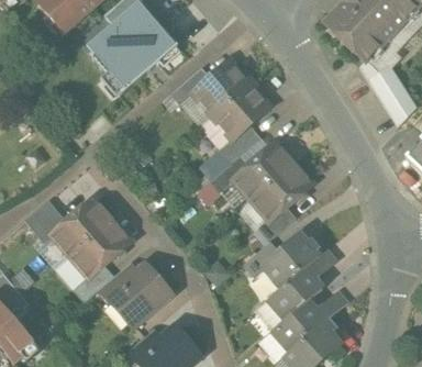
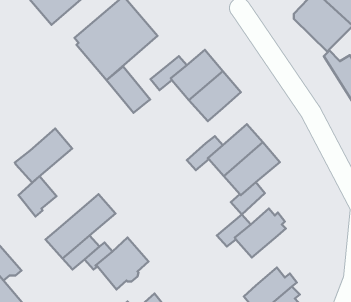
building: none -> [107,67,150,113]
building: [219,124,260,163] -> none
building: [51,197,113,256] -> [15,129,72,183]
building: [268,264,322,319] -> none

